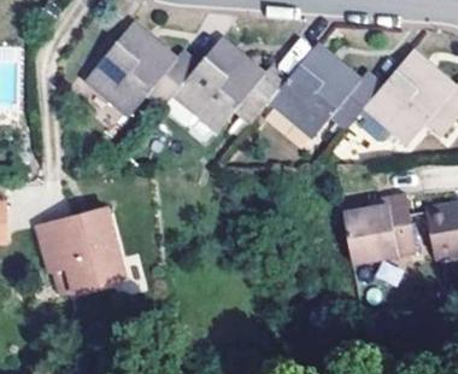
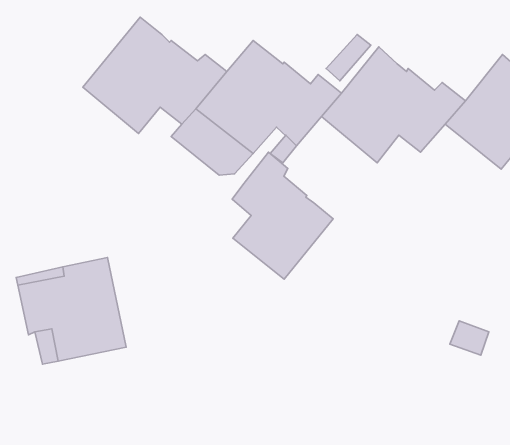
building: none -> [232,152,333,279]
building: [344,193,411,256] -> none

